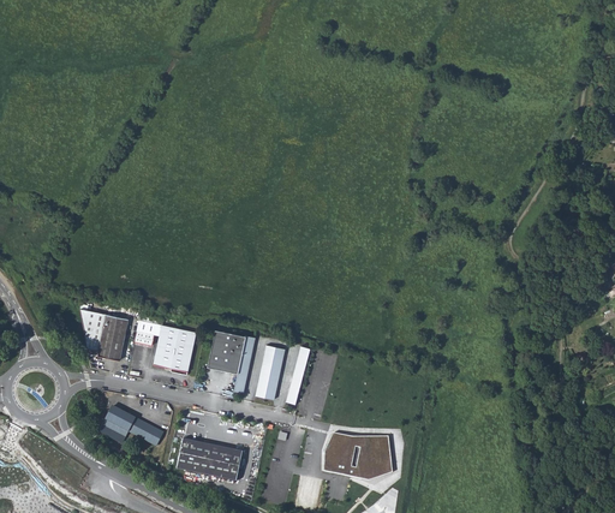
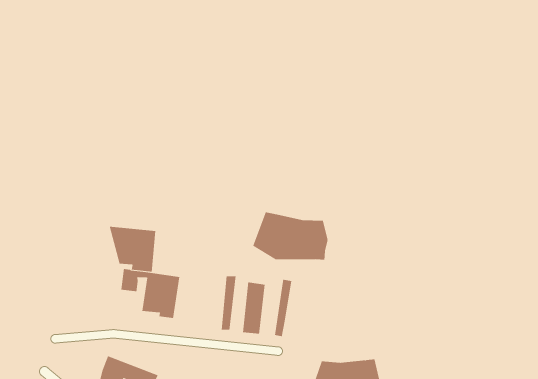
building: none -> [253,212,328,261]
building: [80,309,129,360] -> [109,226,156,272]
building: [207,329,245,372] -> none

